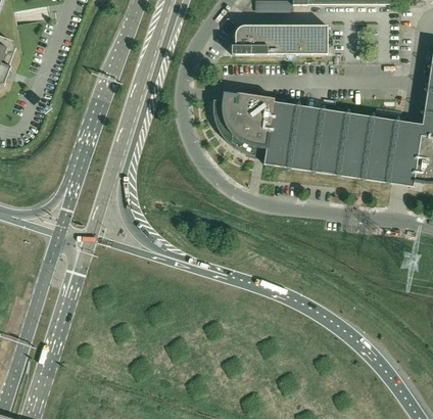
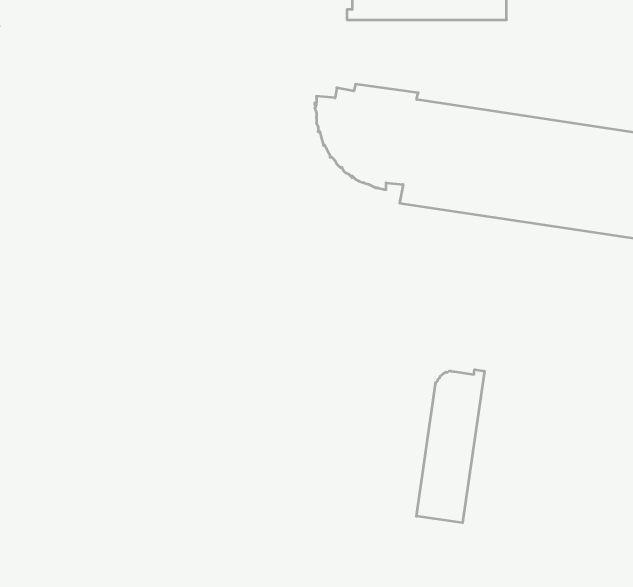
building: none -> [416,370,484,523]

